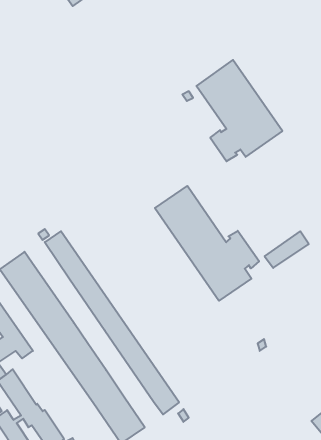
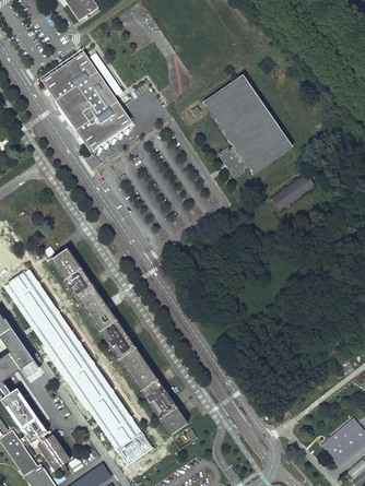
building: none -> [46,55,127,145]
building: [155,186,259,301] -> none
building: [265,231,309,268] -> [270,174,315,211]

